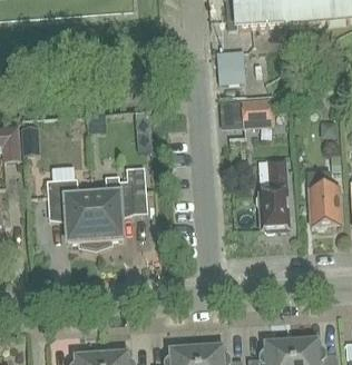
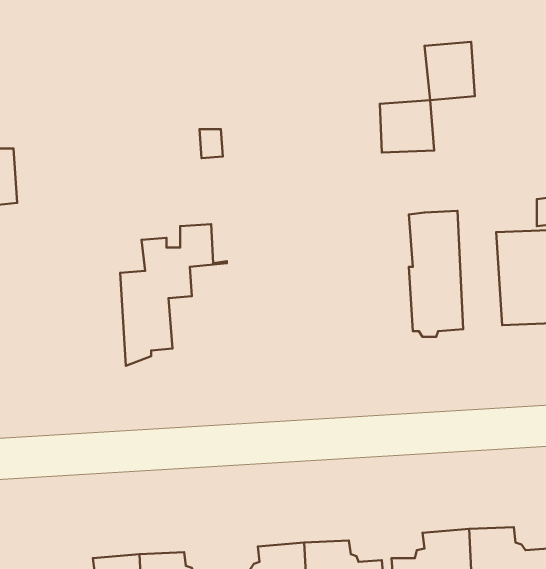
building: [216,48,245,81] -> [424,42,475,100]
building: [46,178,95,248] -> none

